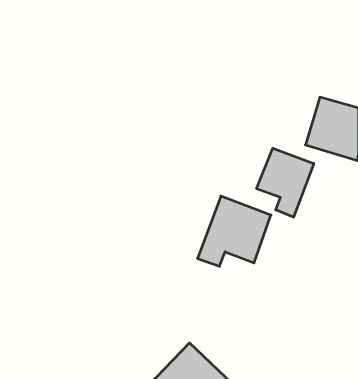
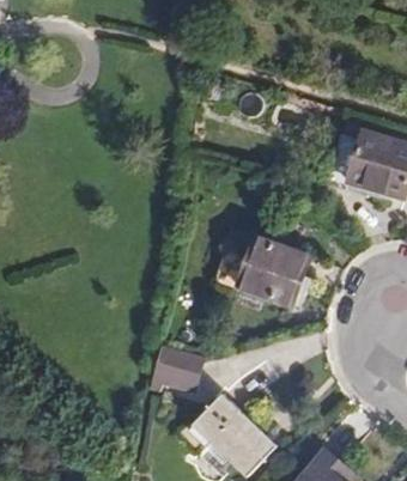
building: [257,148,314,217] -> none
building: none -> [153,342,206,389]

